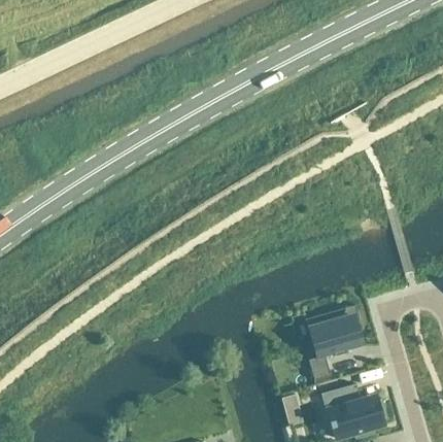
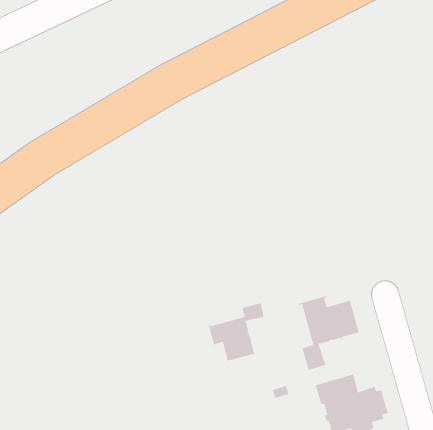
building: none -> [208,303,264,362]

